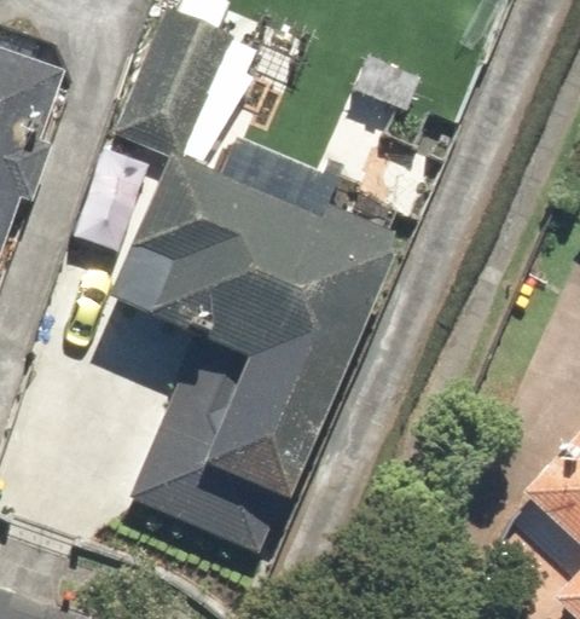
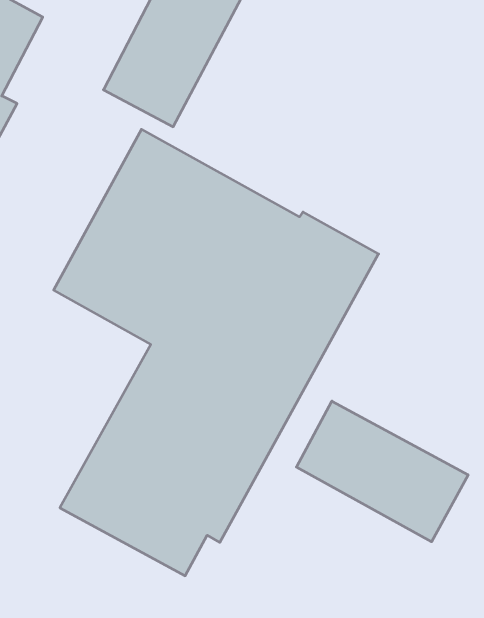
building: none -> [296,401,468,542]

